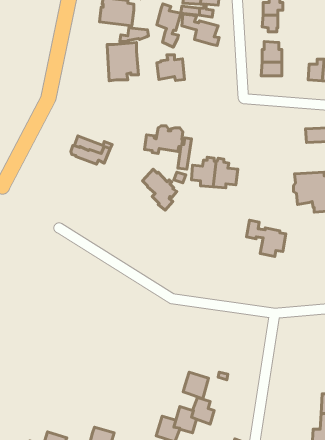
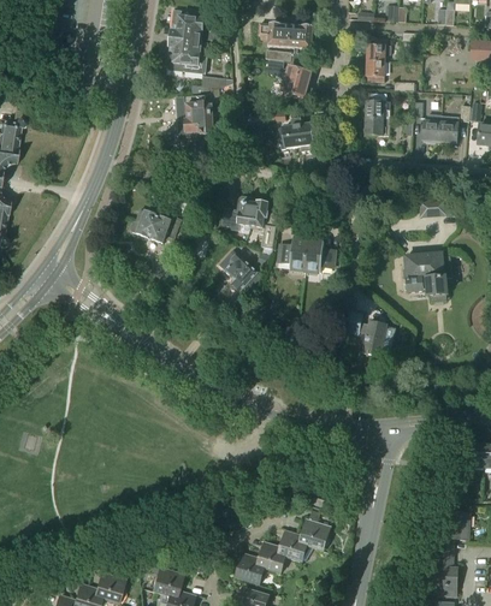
building: [157,4,181,47] -> none
building: [157,55,184,80] -> [279,119,313,150]
building: [183,372,209,399] -> [300,518,331,551]

